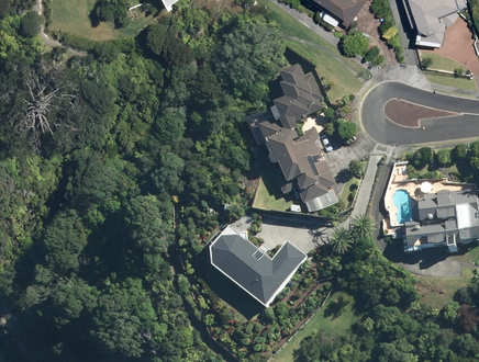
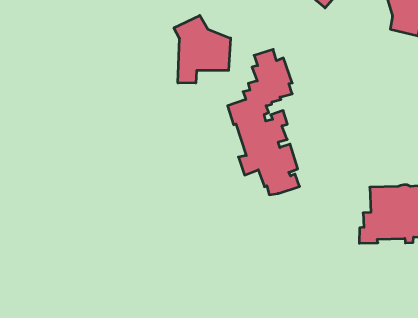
building: none -> [174,15,231,83]
building: [210,227,307,308] -> none

